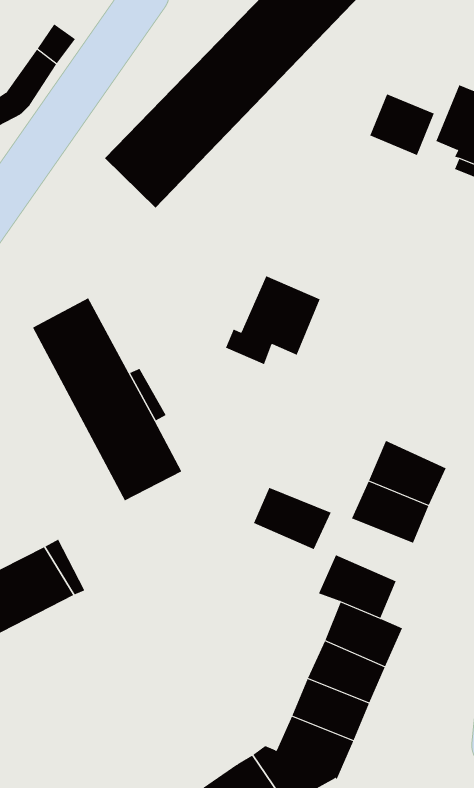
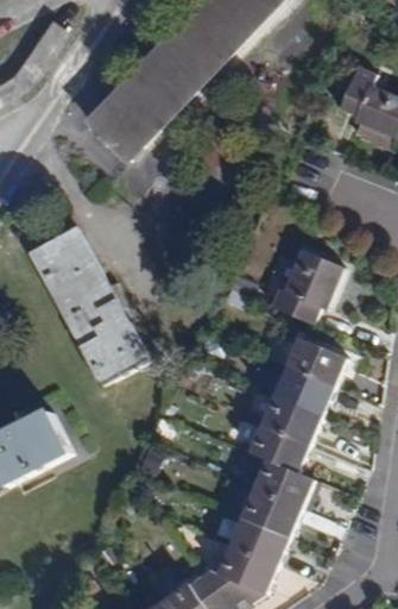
building: [370,93,434,156] -> none
building: [225,276,321,365] -> [269,250,341,318]
building: [253,487,331,550] -> [261,396,321,444]

